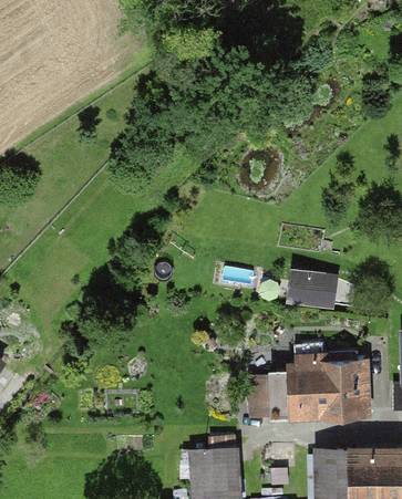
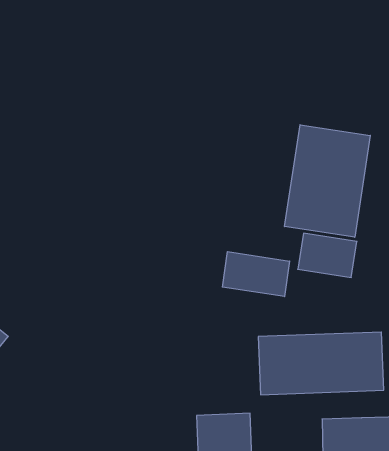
building: none -> [285,125,370,237]
building: none -> [222,252,290,297]

